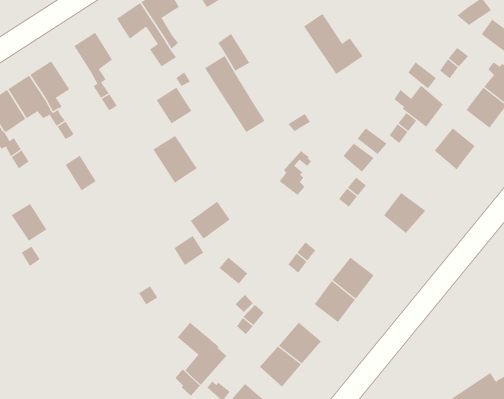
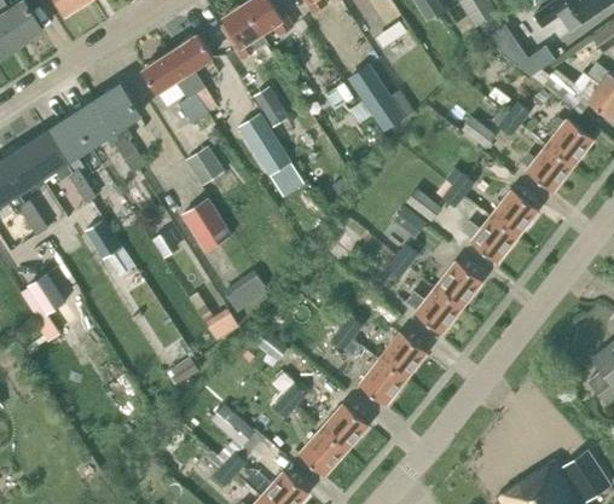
building: none -> [70,100,120,149]
building: [393,85,444,128] -> [460,215,516,262]
building: none -> [405,286,460,334]

